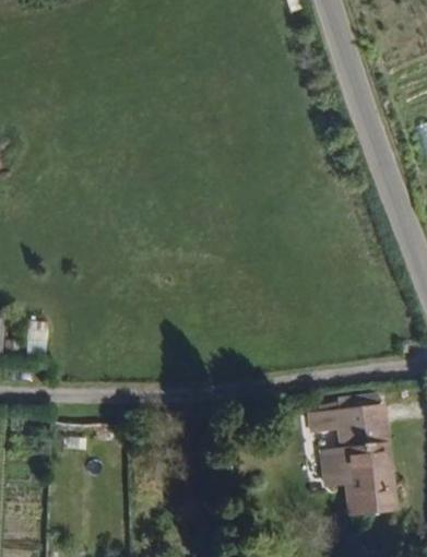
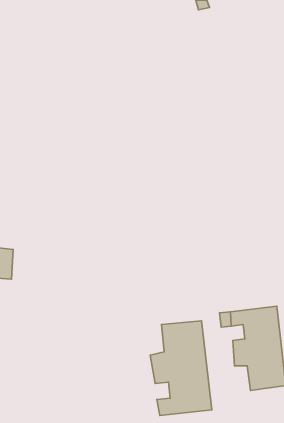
building: none -> [150,321,212,415]

